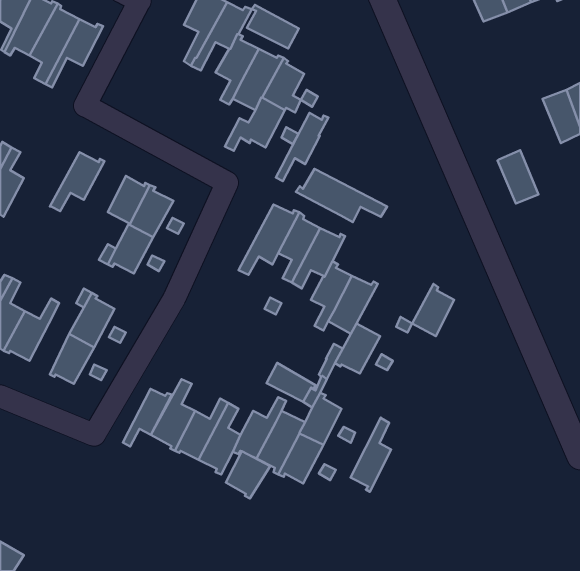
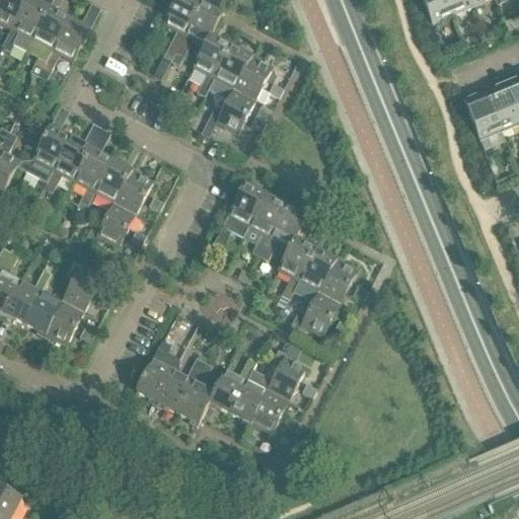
building: [247,5,299,49] -> none
building: [276,113,328,181] -> none
building: none -> [19,122,71,193]
building: [498,150,538,204] -> [464,88,501,136]
building: none -> [75,144,113,207]
building: [296,169,387,222] -> none
building: [412,284,454,336] -> [318,253,356,300]
building: none -> [26,289,62,335]
building: [267,363,316,402] -> none
building: [123,389,172,446] -> none
building: [351,417,391,492] -> none
building: [226,451,270,498] -> none

